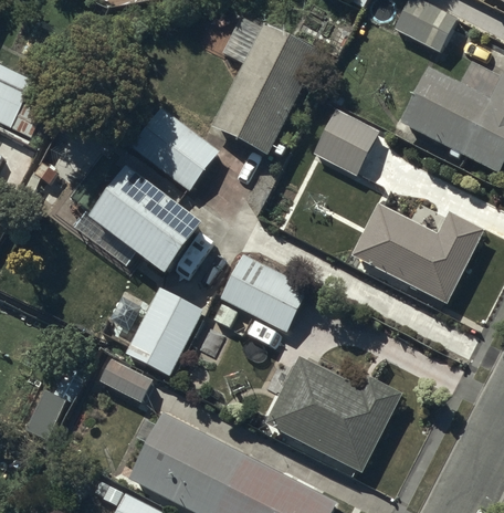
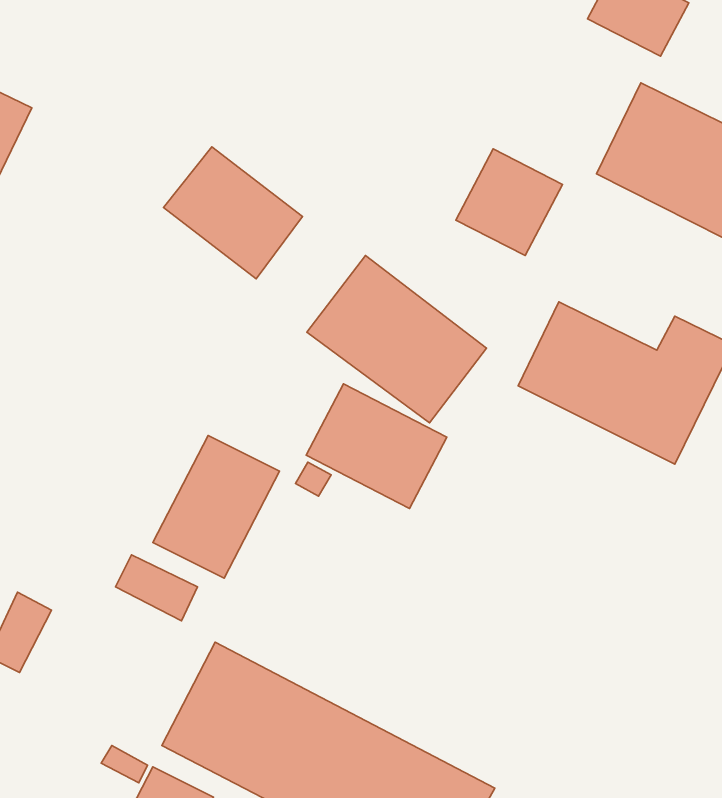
building: [212,24,321,154] -> none
building: [93,172,204,276] -> [307,256,487,423]
building: [265,356,403,473] -> none

